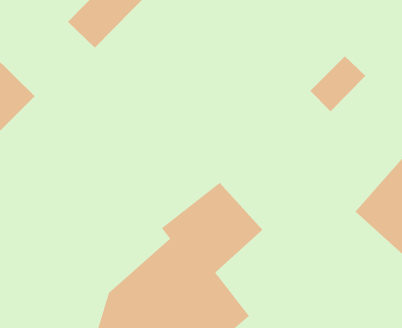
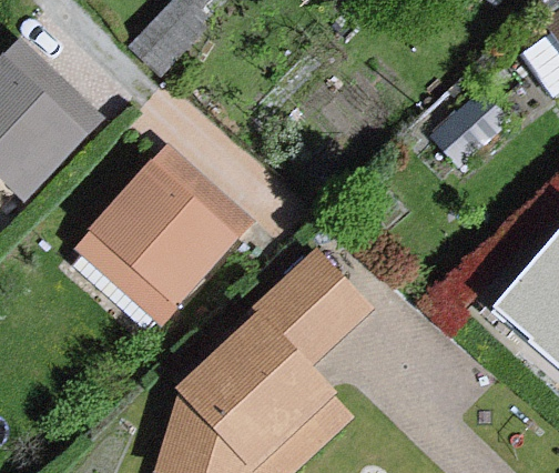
building: none -> [75,145,251,304]

